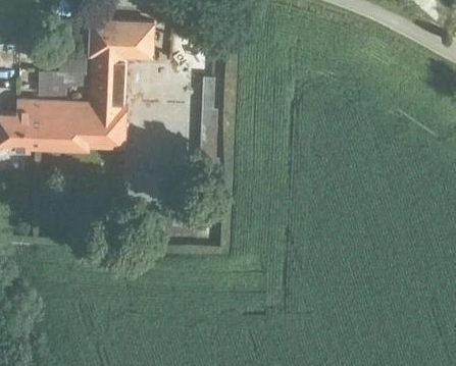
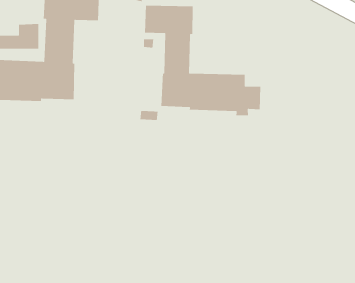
building: none -> [144,5,261,116]

